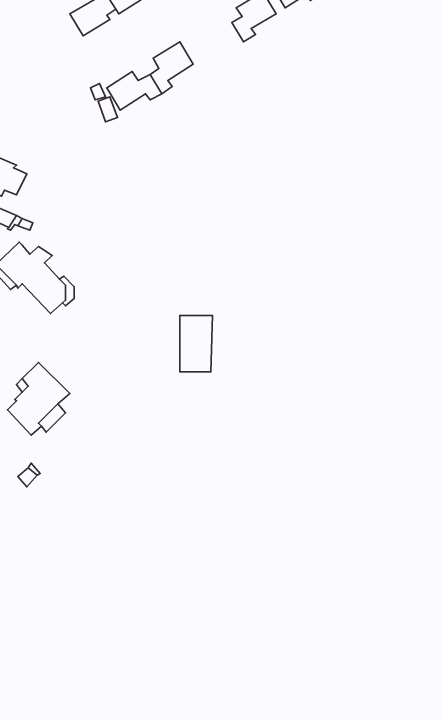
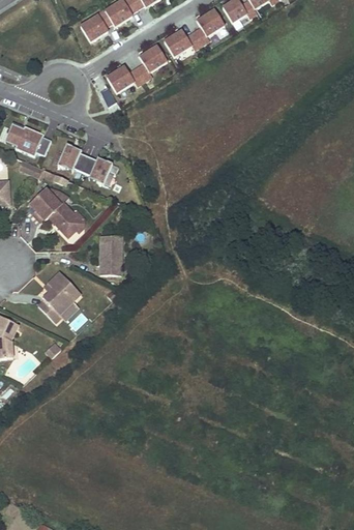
building: none -> [165,32,202,59]
building: none -> [57,144,112,184]
building: [180,316,212,372] -> [99,235,122,274]

